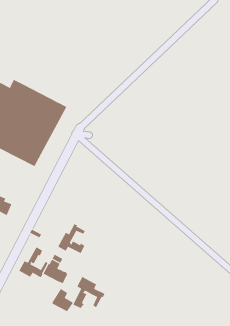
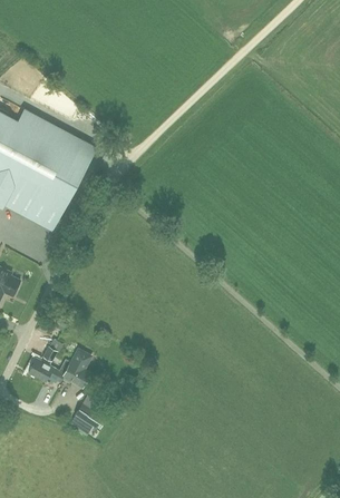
building: [57,223,86,254] -> none
building: [73,276,105,309] -> none

